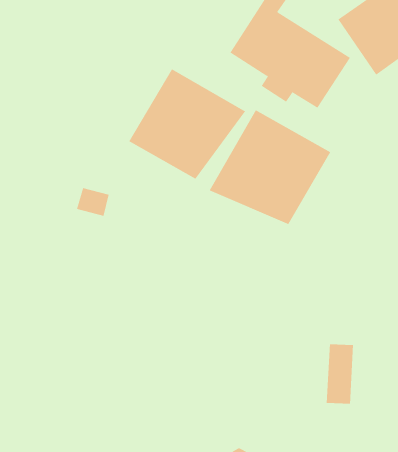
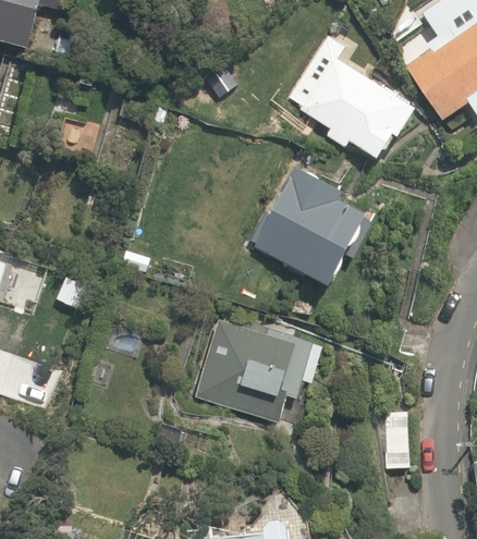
building: [129,68,246,180] -> none
building: none -> [195,318,317,420]

